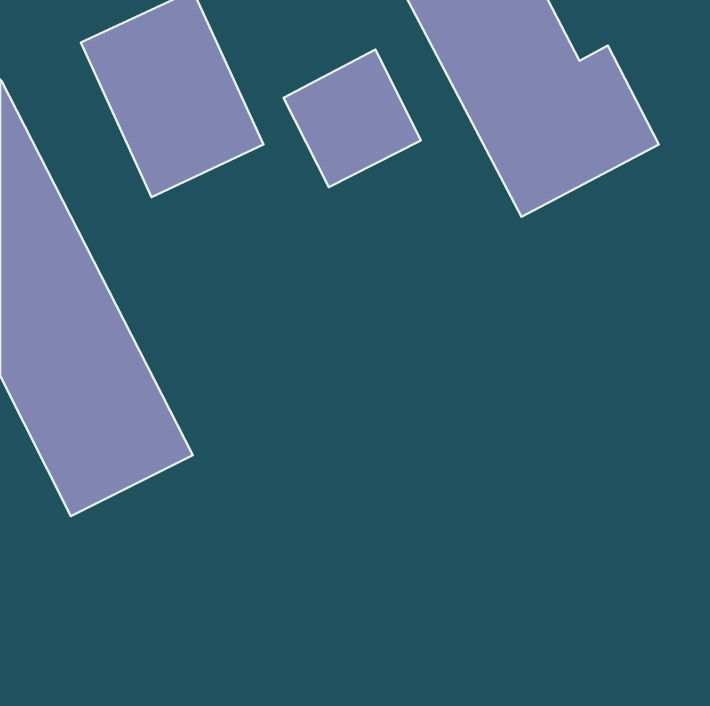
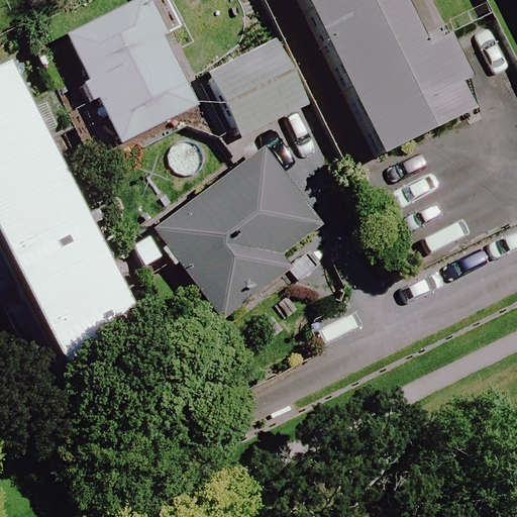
building: none -> [157,144,321,315]

